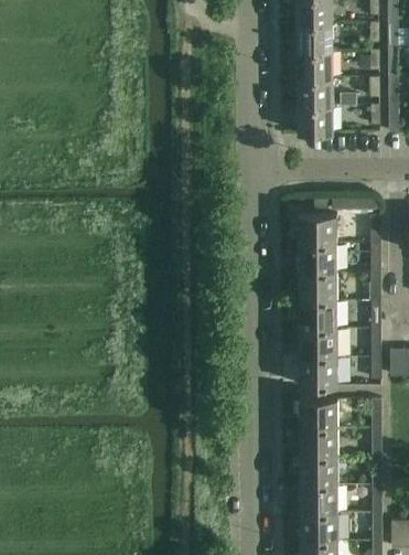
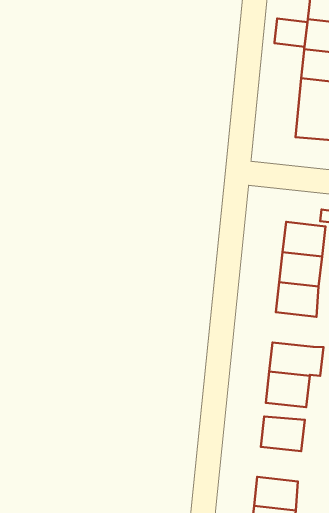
building: none -> [274,19,307,47]
building: [299,300,337,329] -> none
building: [299,428,337,457] -> none

